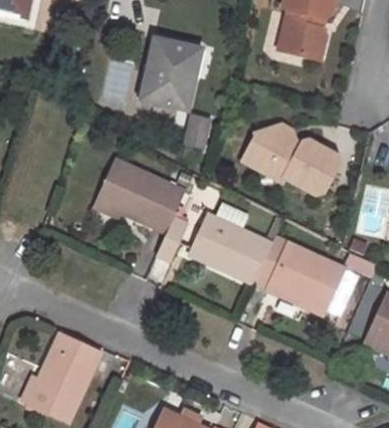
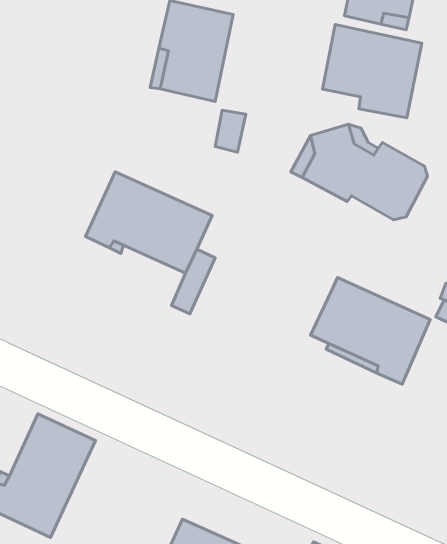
building: none -> [323,24,422,118]
building: [191,214,272,283] -> none

